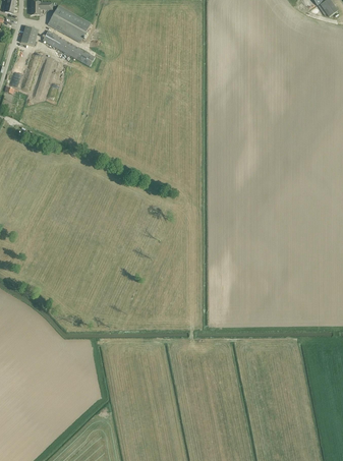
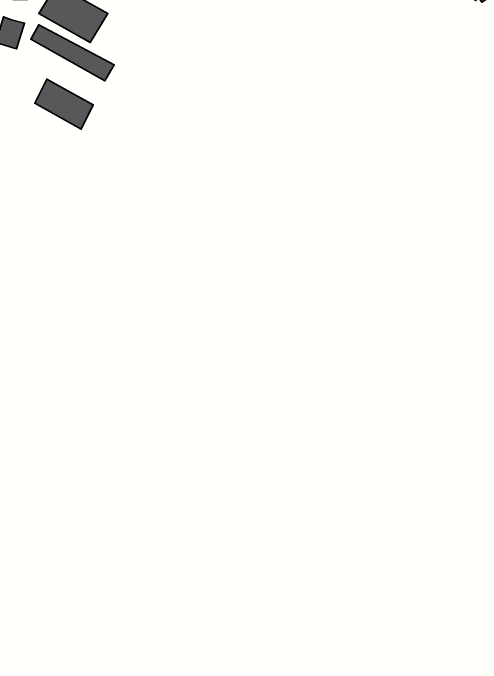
building: none -> [35,79,93,129]

